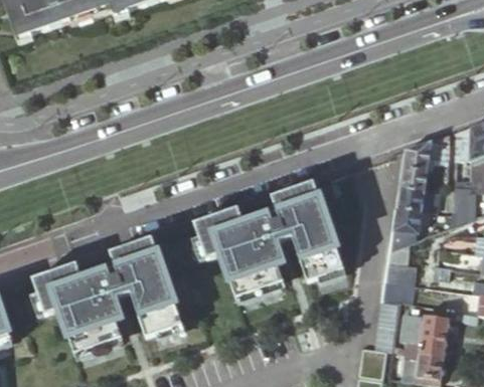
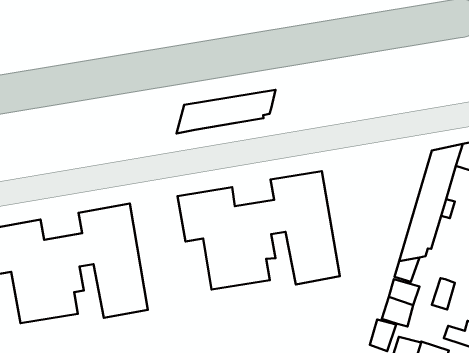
building: none -> [177,90,276,133]

